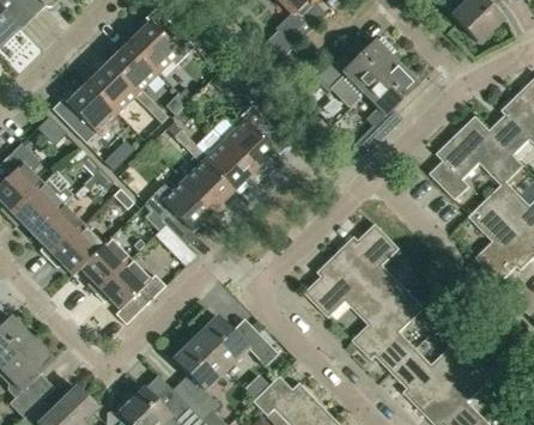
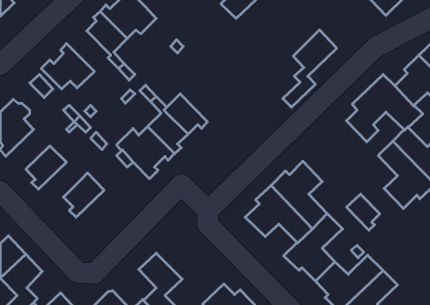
building: [316,37,396,107] -> none
building: [83,62,138,113] -> none
building: [224,105,290,175] -> none
building: [7,178,72,233] -> none
building: [48,225,102,275] -> none
building: [95,260,165,324] -> none
building: none -> [347,194,380,230]
building: [194,316,278,370] -> none

